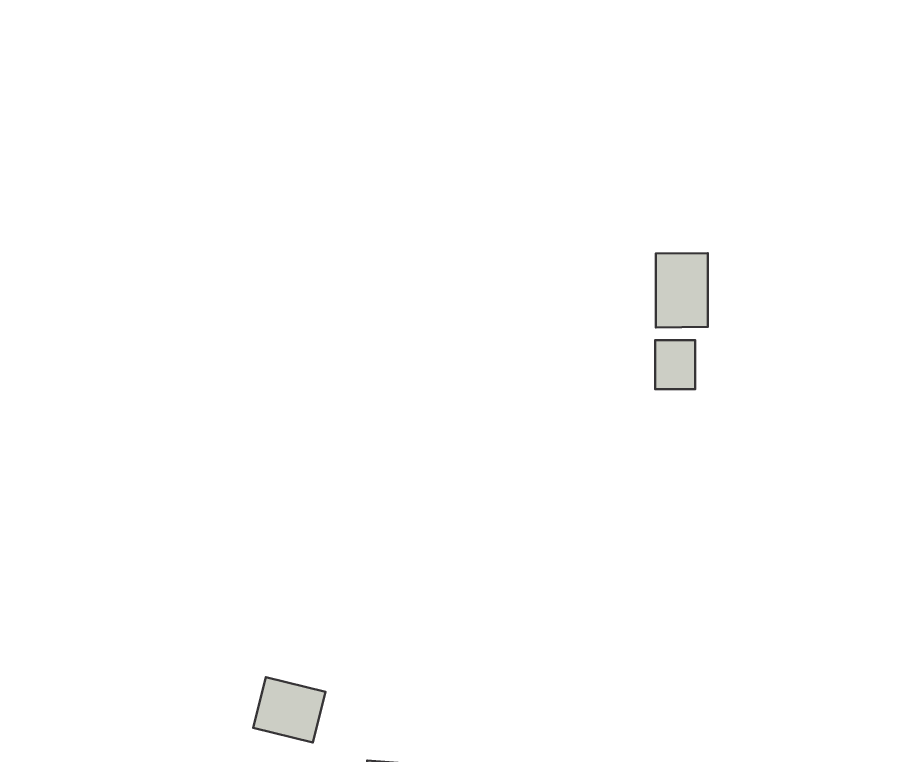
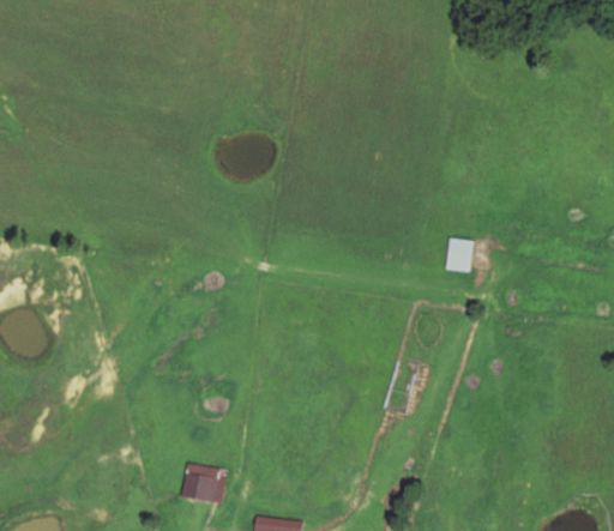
building: [656,253,708,327] -> none

